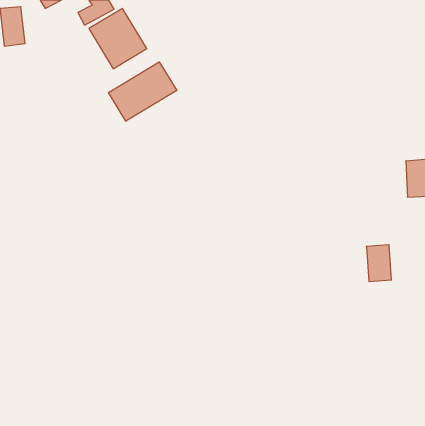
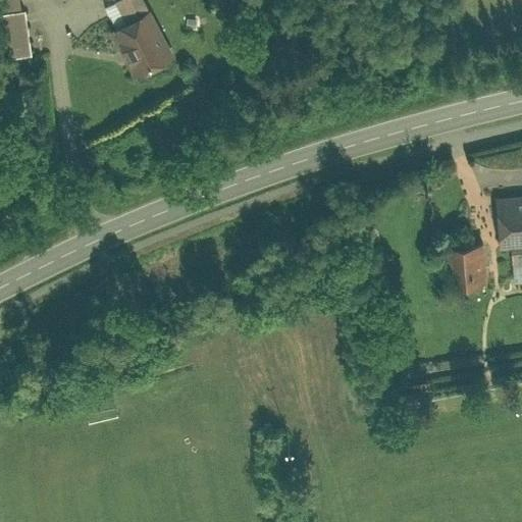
building: [108,62,177,121] -> none
building: [366,245,392,282] -> [448,240,478,284]

